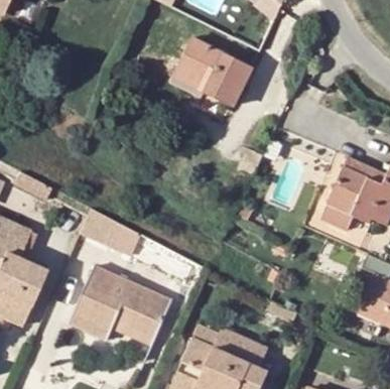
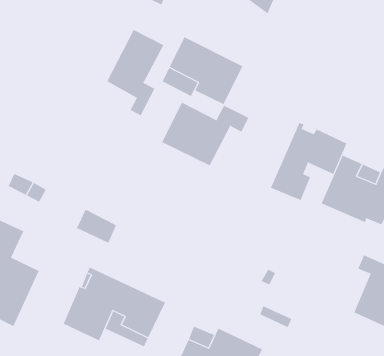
building: none -> [107,29,164,116]
building: none -> [162,102,249,166]
building: none -> [270,122,347,201]

